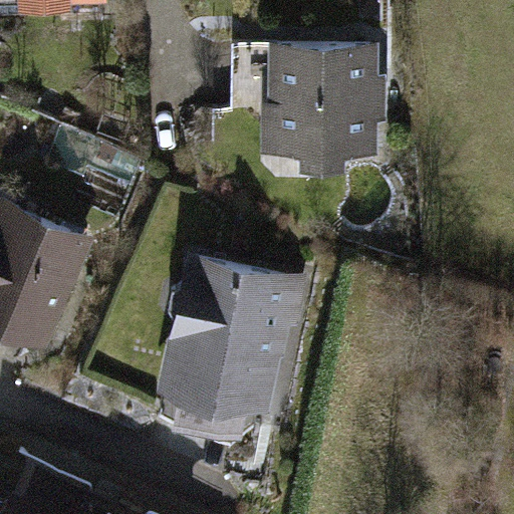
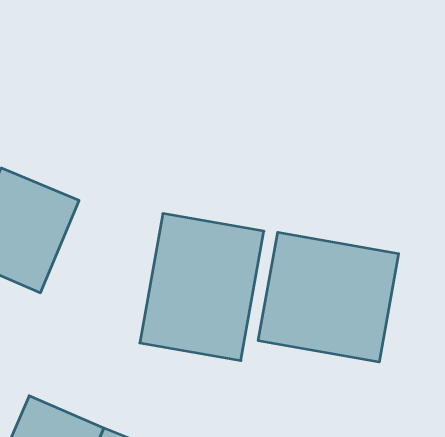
building: [267,50,372,154] -> none
building: none -> [258,232,399,362]

